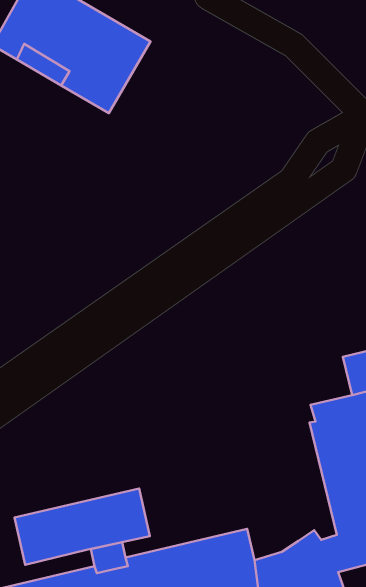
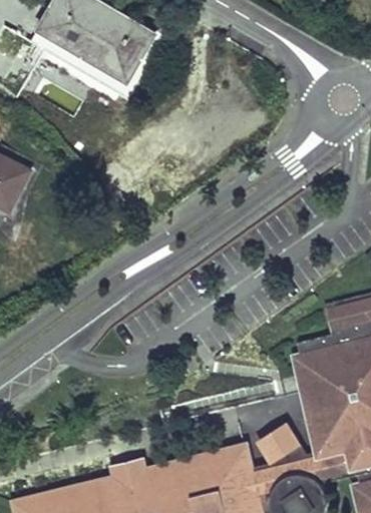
building: [14,489,150,565] -> none
building: none -> [259,425,301,466]

